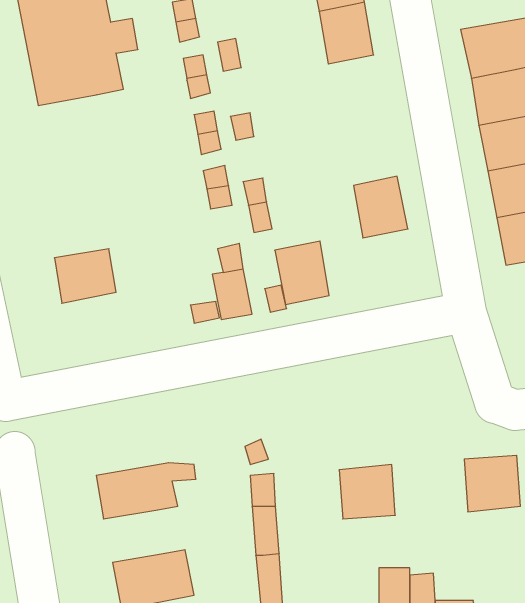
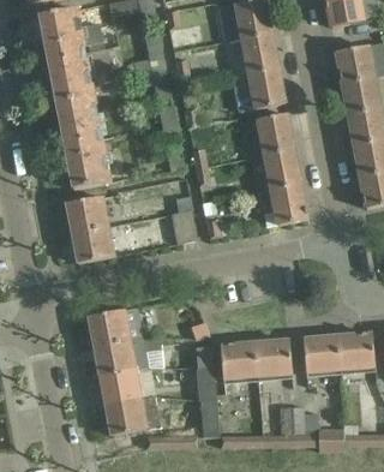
building: none -> [247,67,284,108]
building: none -> [55,94,110,189]
building: none -> [257,113,293,154]
building: [275,241,329,305] -> [270,183,306,225]
building: none -> [71,225,113,263]
building: none -> [88,306,142,346]
building: none -> [304,335,340,372]
building: none -> [220,342,257,378]
building: none -> [98,369,139,404]

